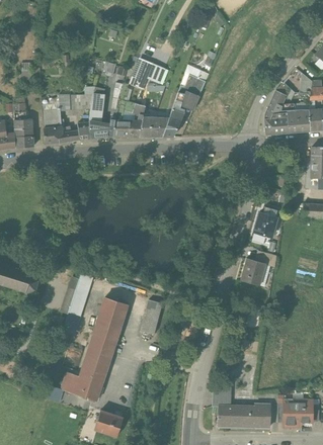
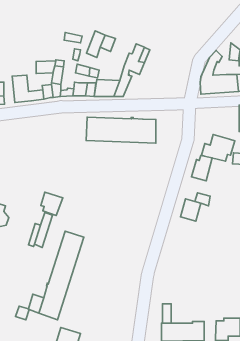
building: none -> [86,117,156,143]
building: none -> [202,134,235,161]
building: none -> [41,192,63,215]
building: [140,299,163,339] -> none

